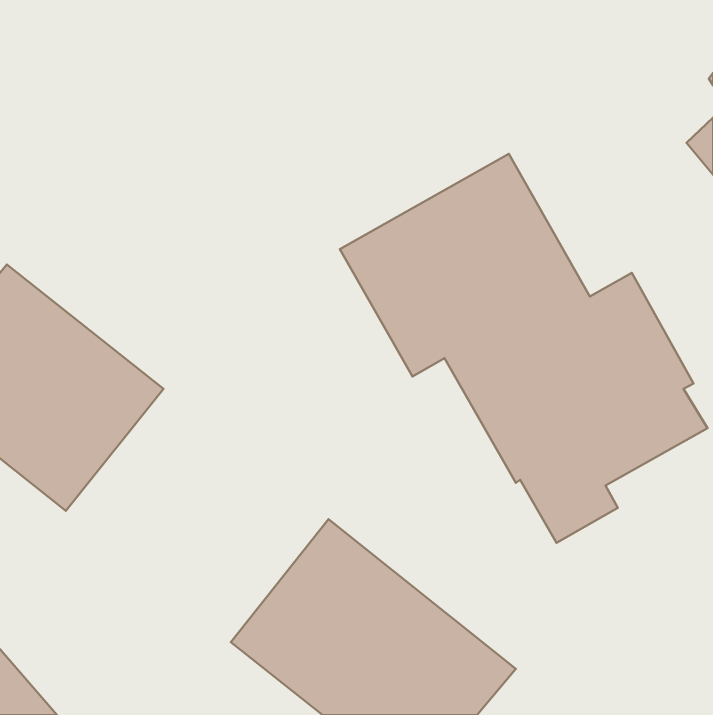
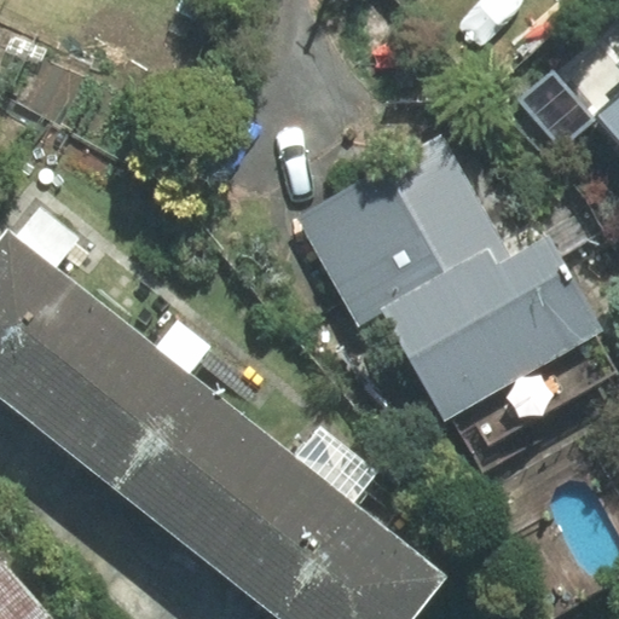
building: none -> [57,336,284,555]

